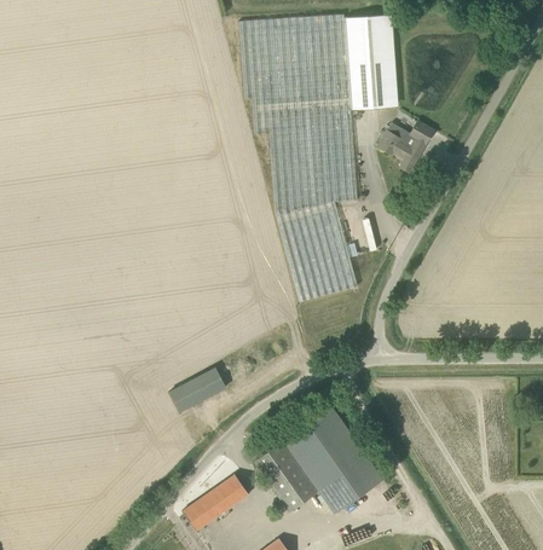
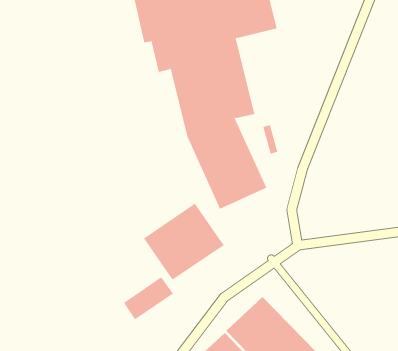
building: [376,121,433,172] -> none
building: none -> [143,203,224,281]

